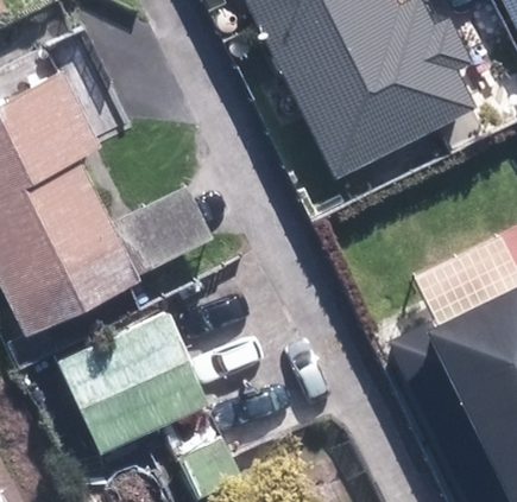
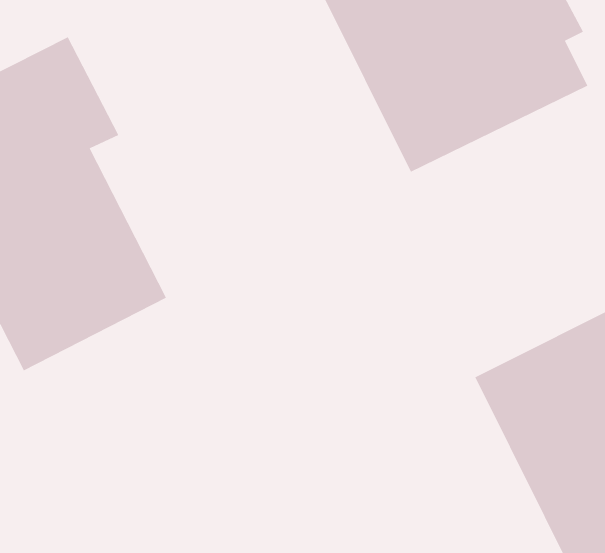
building: [58,311,210,455] -> none

